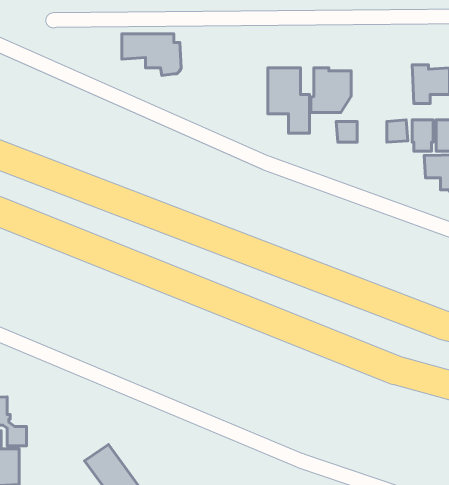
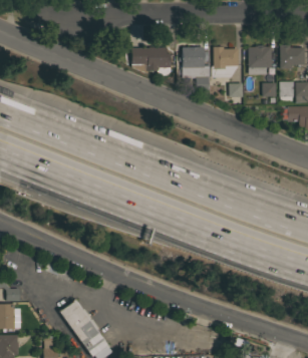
building: [122,34,181,75] -> [131,47,172,75]
building: none -> [248,44,272,73]

